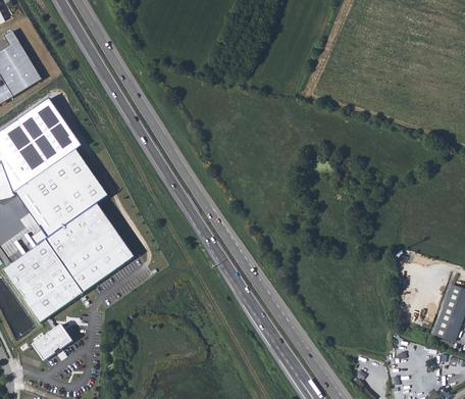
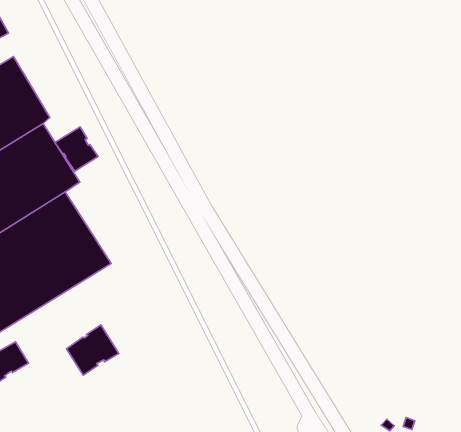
building: none -> [55,127,98,171]
building: none -> [66,325,119,375]

